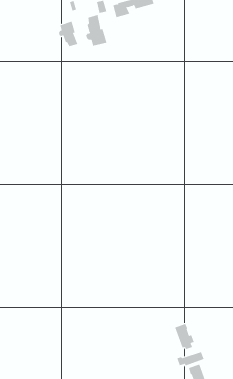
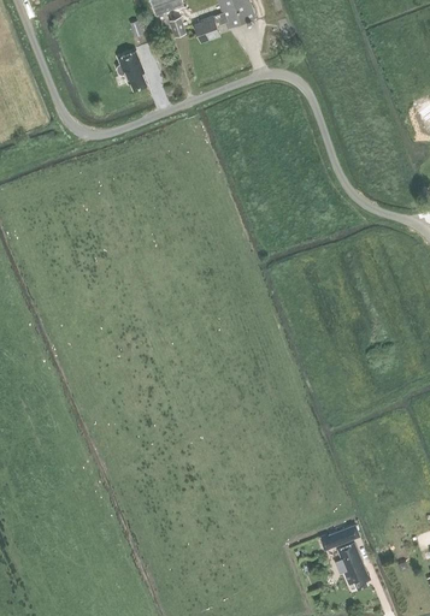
building: [86,14,107,47] -> none
building: [175,323,194,350] -> none

